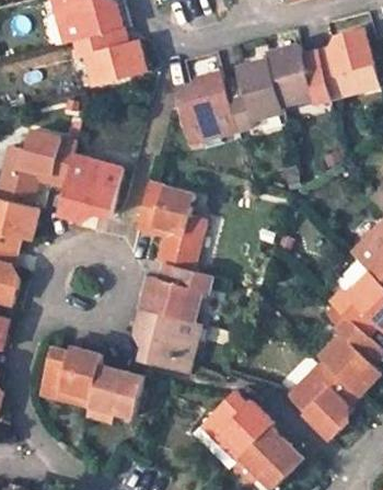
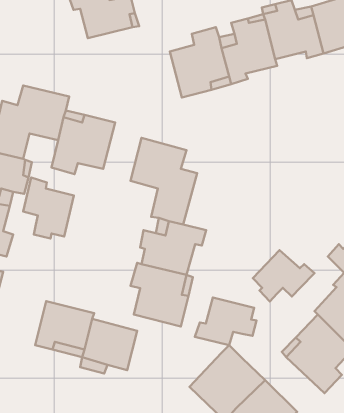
building: none -> [23,177,74,238]
building: none -> [253,250,314,302]
building: none -> [195,298,256,345]

